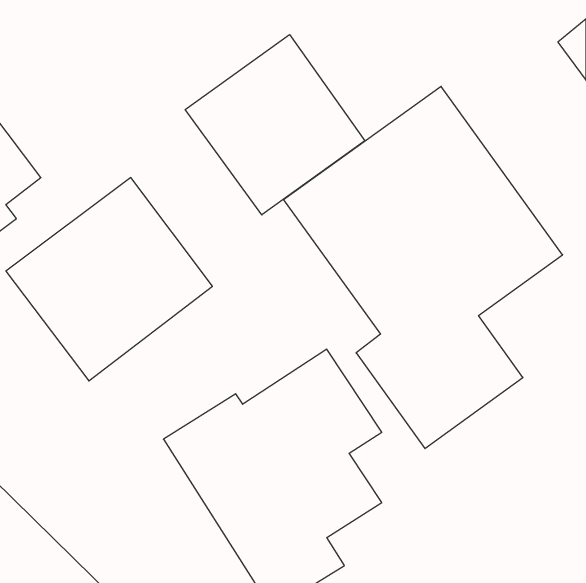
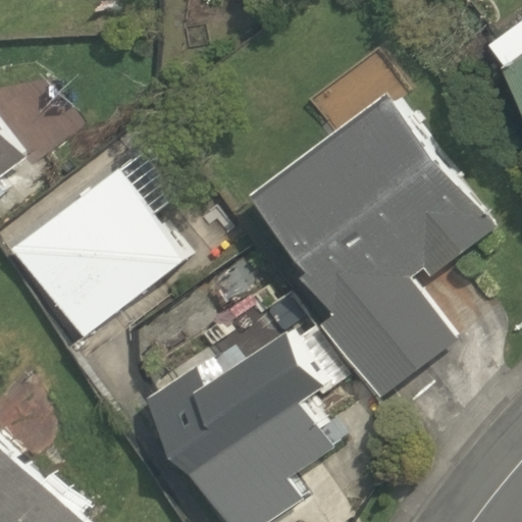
building: [185,35,365,215] -> none

